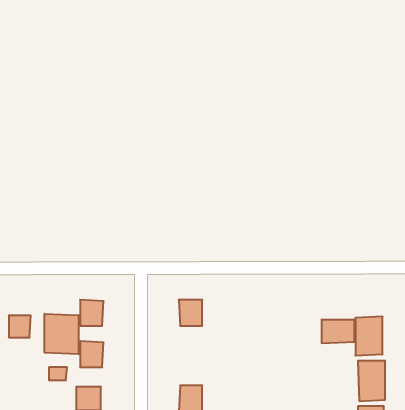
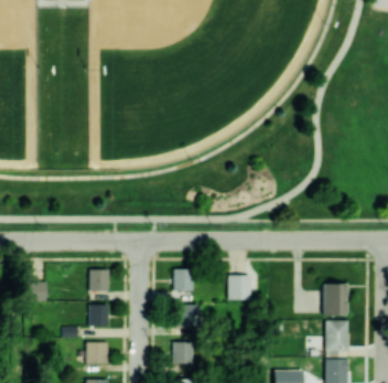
building: none -> [228,276,250,300]
building: [45,314,79,354] -> none
building: [322,319,354,343] -> none
building: none -> [175,305,197,327]

